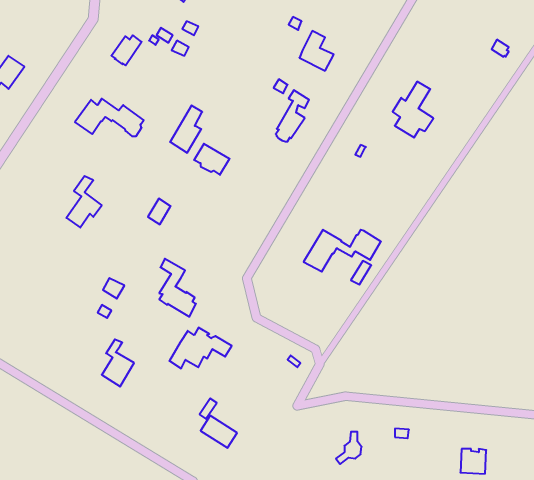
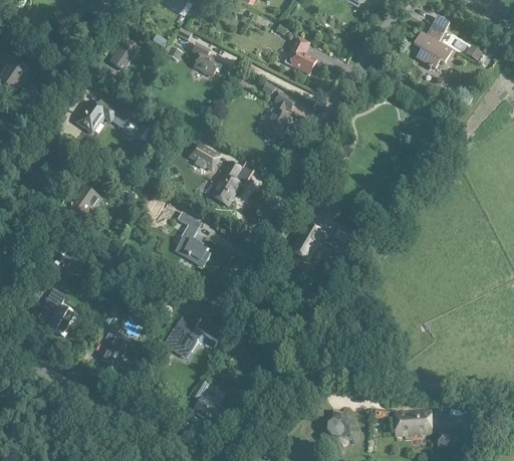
building: none -> [192,44,219,75]
building: [393,82,433,138] -> [414,16,452,68]
building: [170,105,202,153] -> [209,162,239,206]
building: [159,259,196,317] -> [176,212,210,266]
building: none -> [44,288,76,336]
building: none -> [394,411,431,436]

